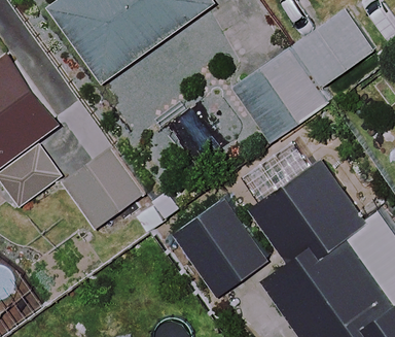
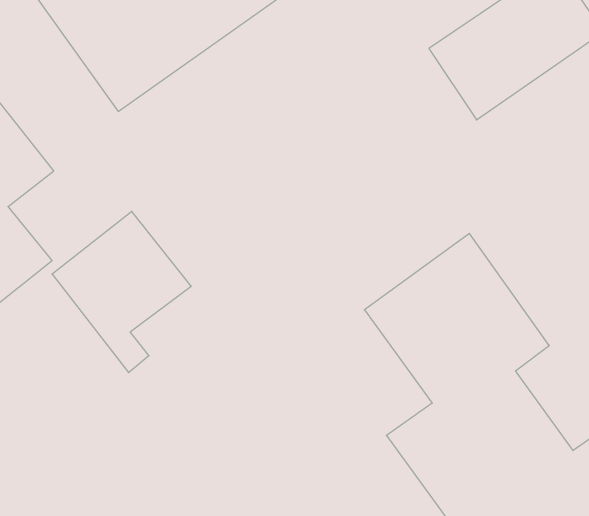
building: [232,45,330,143] -> none
building: [173,195,268,296] -> none

